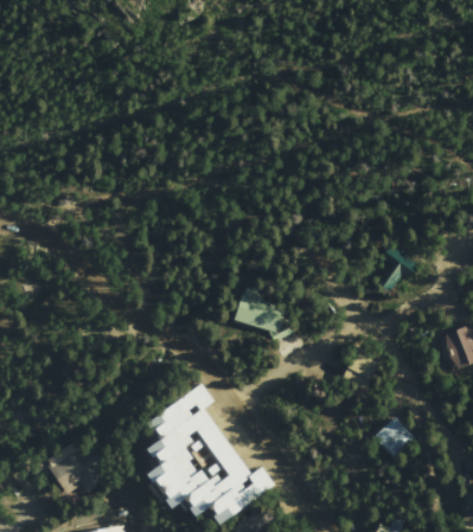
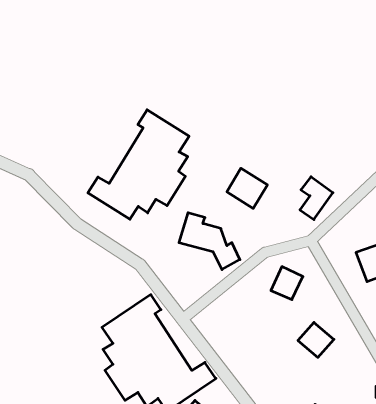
building: none -> [88,110,189,219]
building: none -> [227,168,267,208]
building: [44,446,107,496] -> none

